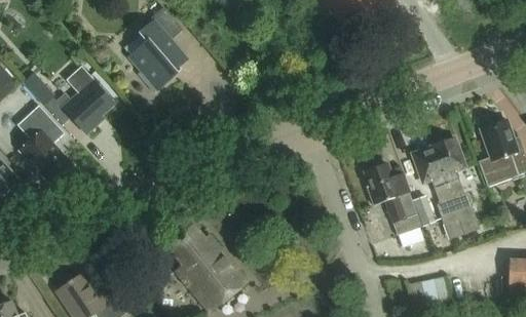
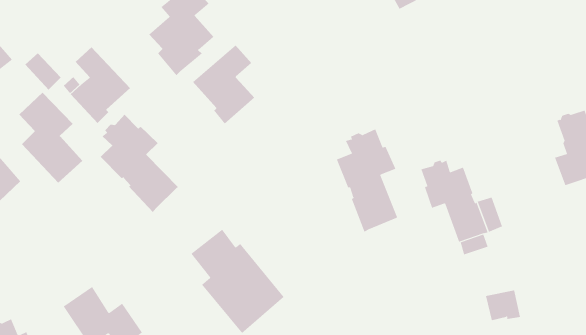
building: none -> [192,44,255,125]
building: none -> [100,114,179,213]
building: none -> [336,129,398,232]
building: [412,137,479,236] -> none

